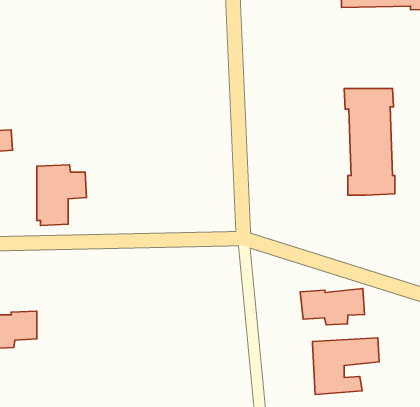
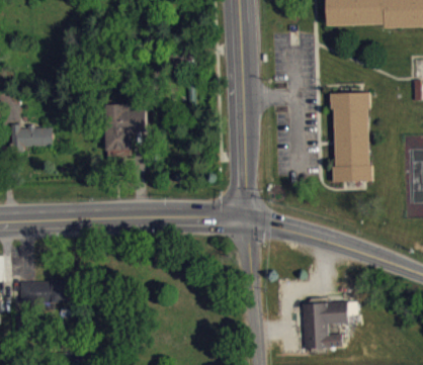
building: [37,165,86,225] -> [105,104,147,155]
building: [300,288,365,325] -> none

